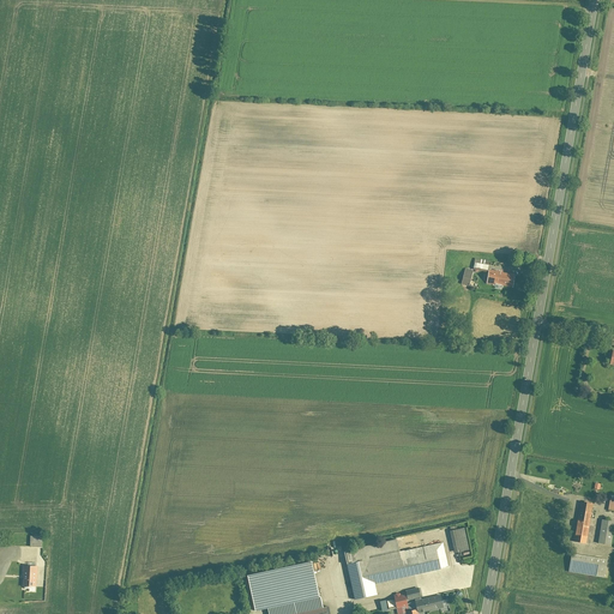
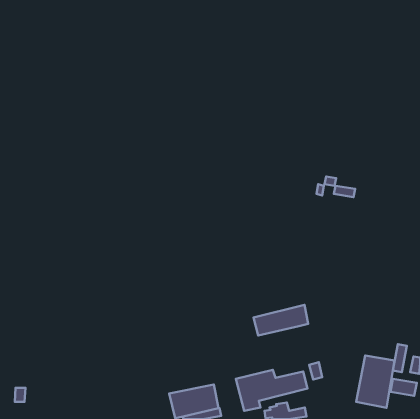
building: none -> [254,305,308,335]
building: none -> [356,355,395,408]

